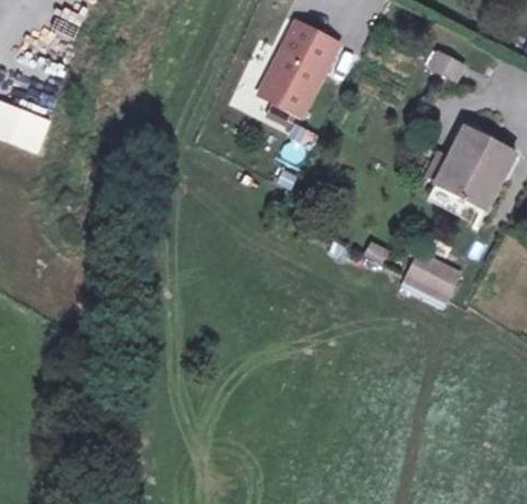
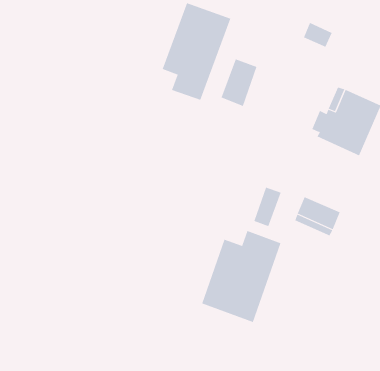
building: none -> [221,58,257,107]
building: none -> [201,230,281,323]

